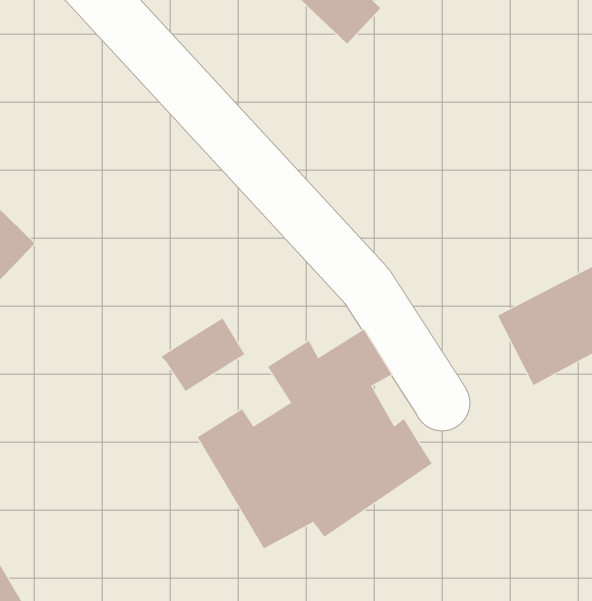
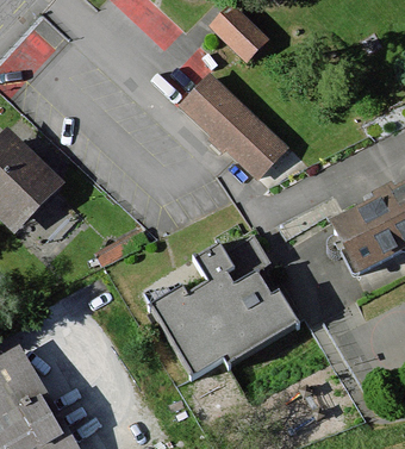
building: none -> [187,79,286,173]
building: [161,318,245,392] -> none

